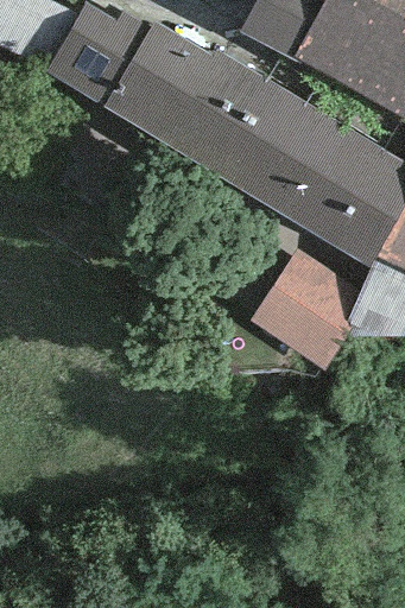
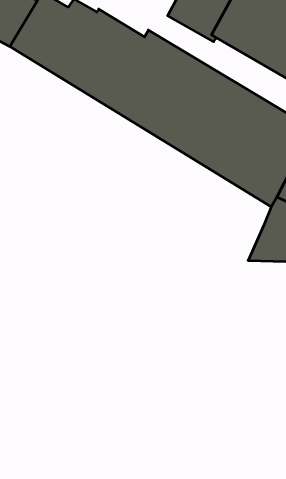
building: [232,238,342,359] -> none

